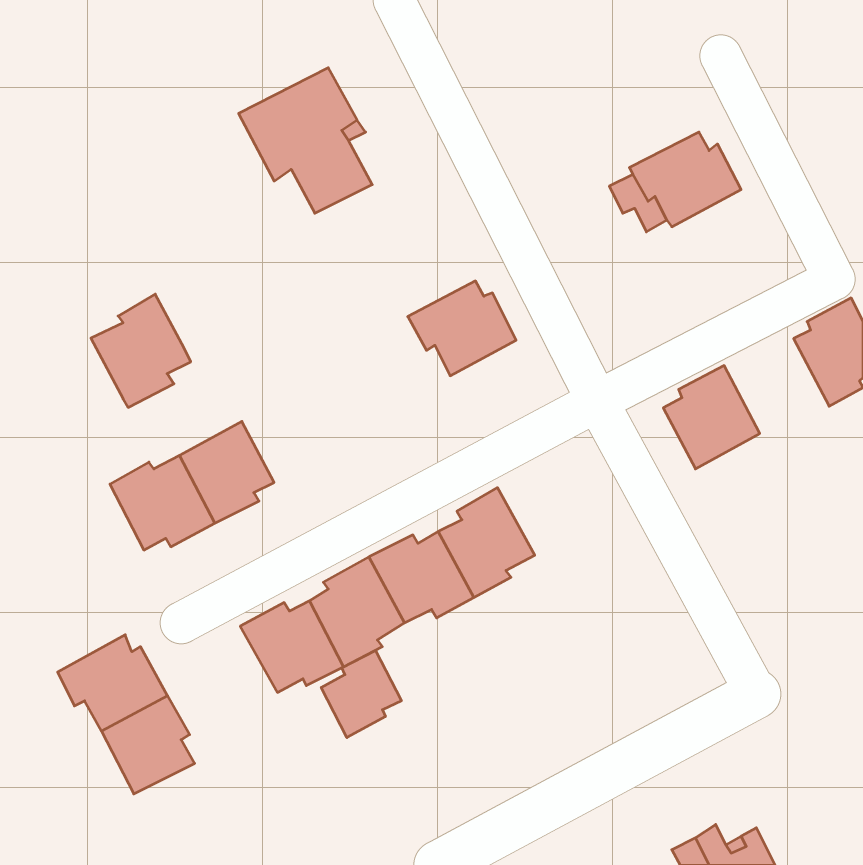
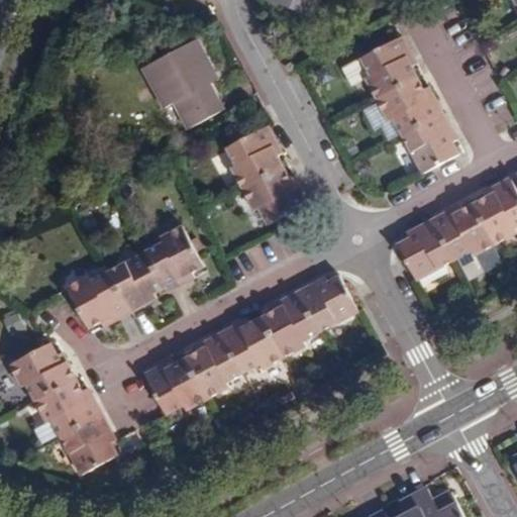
building: none -> [359,35,417,100]
building: none -> [401,113,457,173]
building: none -> [227,124,284,189]
building: [91,294,191,407] -> [144,225,204,293]
building: none -> [432,202,495,258]
building: none -> [297,276,357,331]
building: none -> [8,343,75,401]
building: [321,651,401,738] -> none

